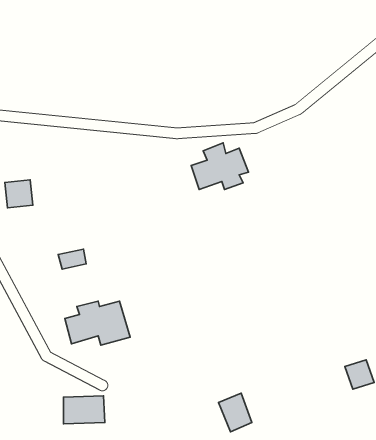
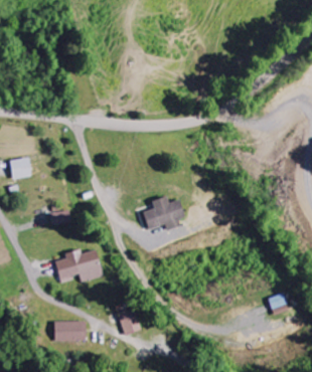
building: [191,143,248,189] -> [142,195,185,230]
building: [219,393,252,432] -> [117,307,142,336]

